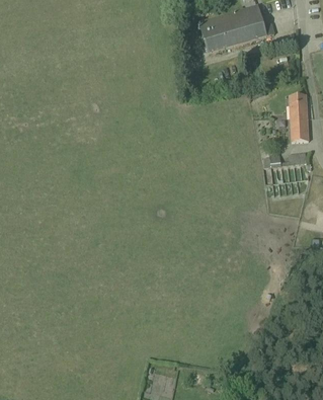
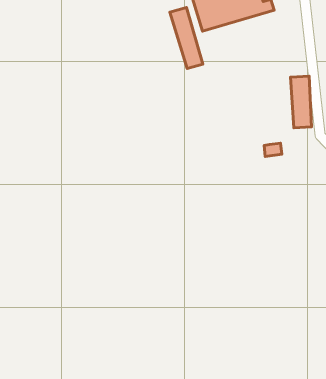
building: none -> [170,7,203,69]

